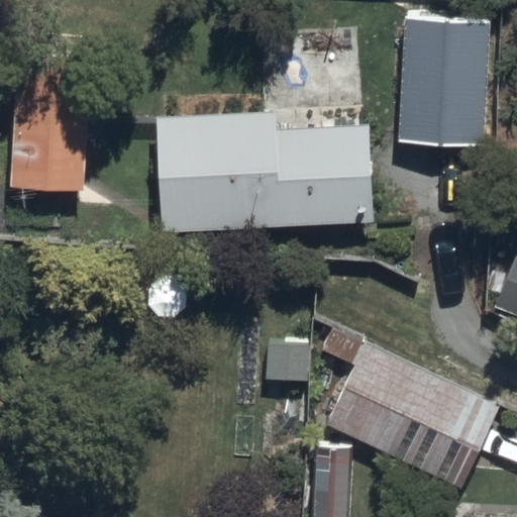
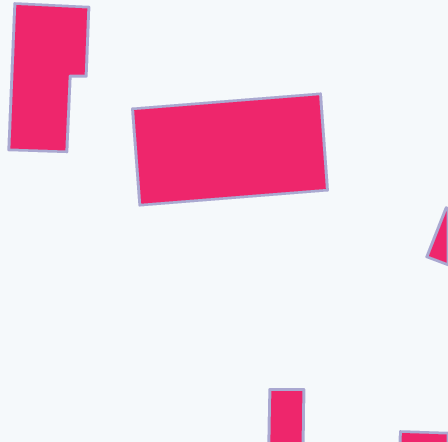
building: [400,24,492,150] -> none
building: [326,338,499,487] -> none

